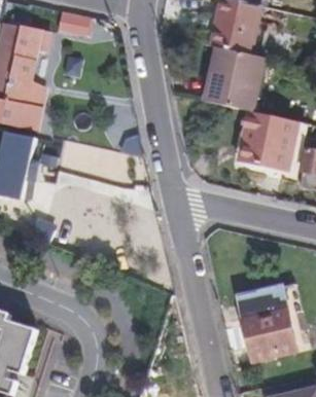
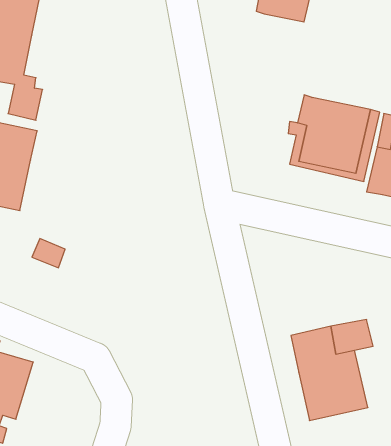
building: [200,47,266,112] -> none

